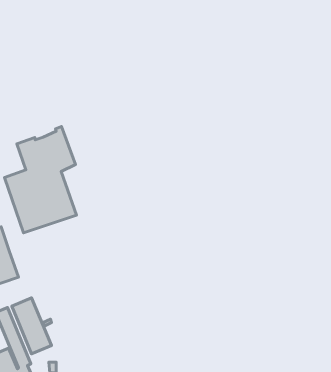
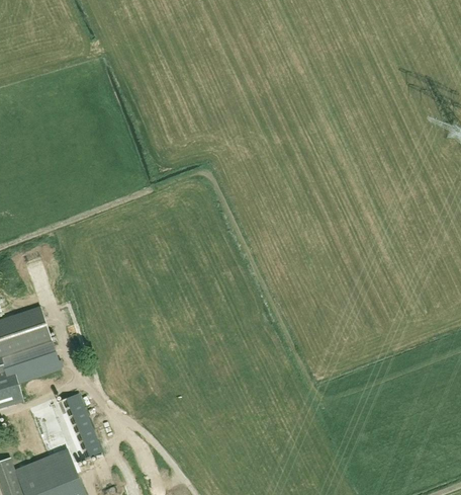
building: [5,127,76,233] -> none

